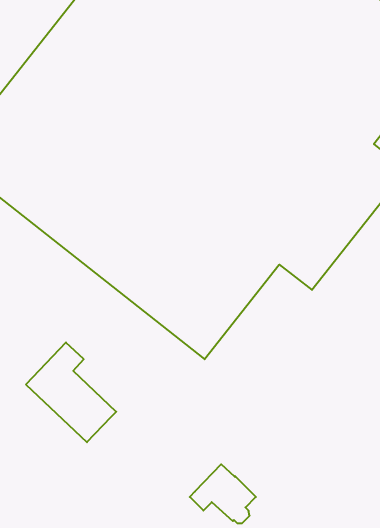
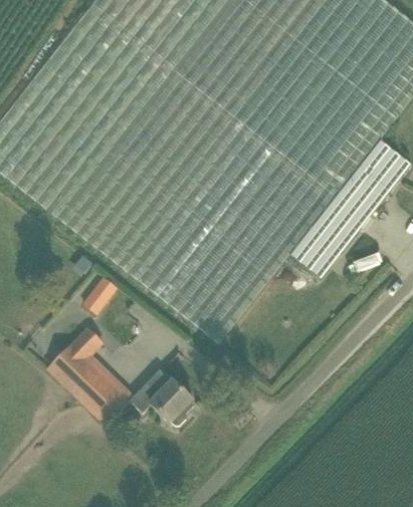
building: none -> [80,274,117,314]
building: [190,464,256,523] -> [129,367,192,424]

